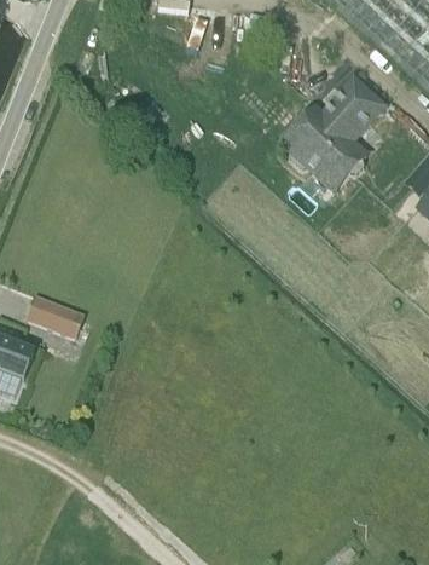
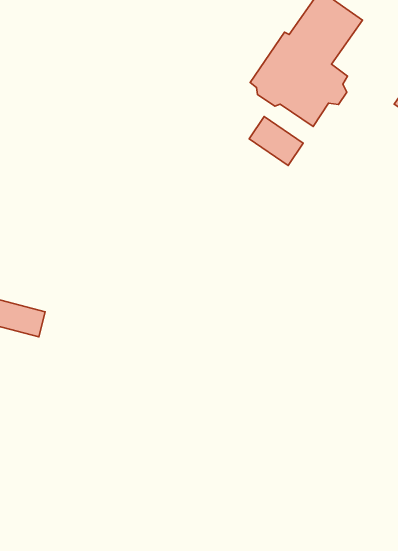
building: none -> [249,116,303,165]

